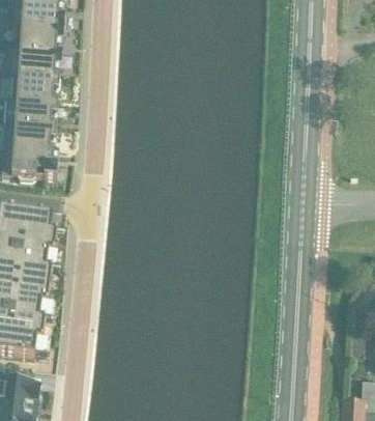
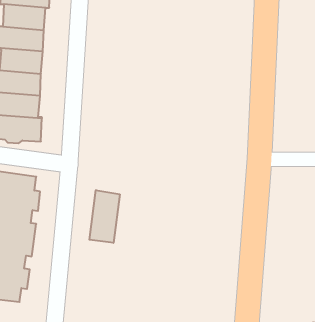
building: none -> [89,190,120,243]

